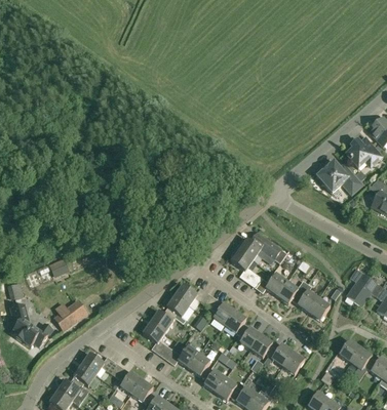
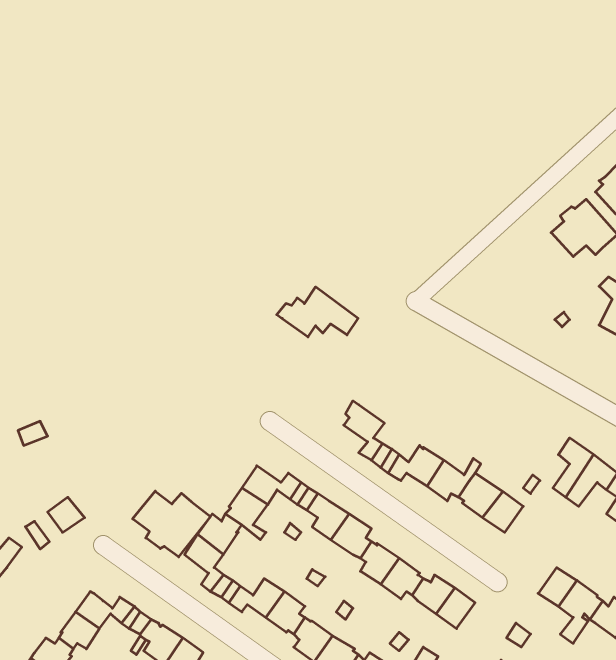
building: [316,160,364,196] -> none
building: [236,232,281,259] -> [277,287,358,337]
building: none -> [133,491,210,557]

